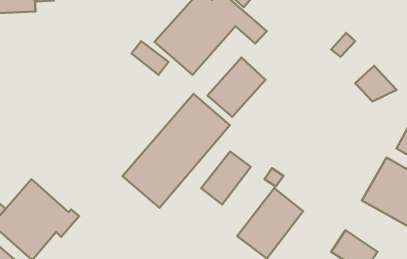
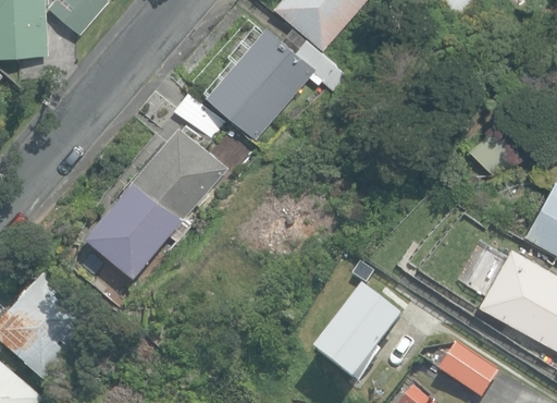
building: [207,57,266,117] -> none
building: [122,94,230,208] -> [85,126,226,277]
building: [201,152,251,204] -> none

